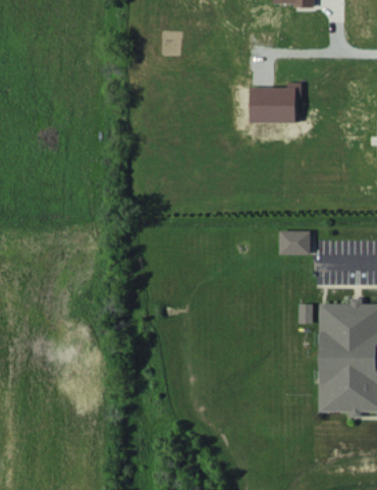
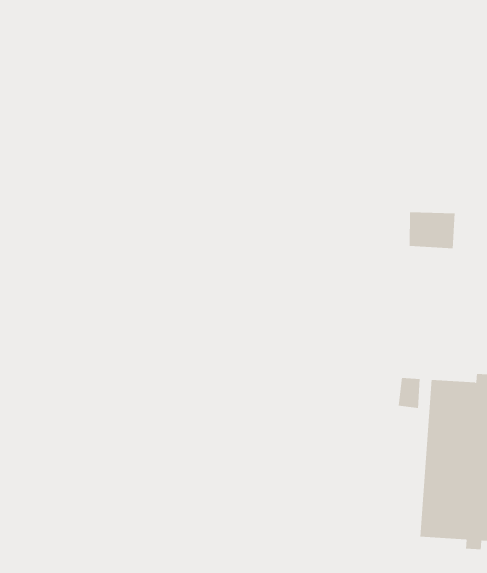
building: [250,83,302,123] -> none
building: [279,230,311,255] -> [409,212,456,249]

